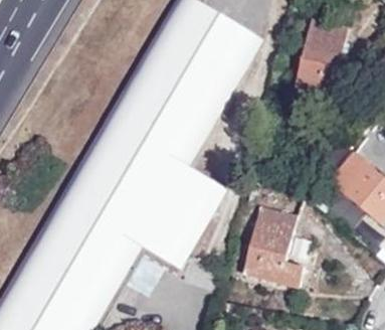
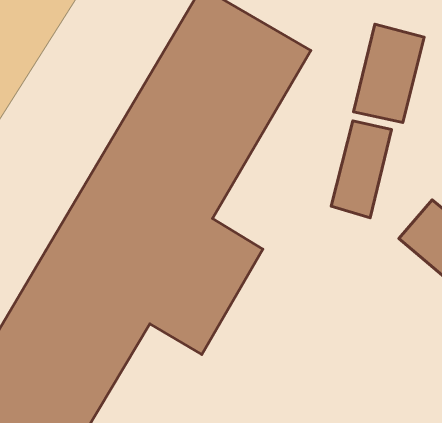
building: none -> [331,121,391,218]
building: [243,207,304,287] -> none

